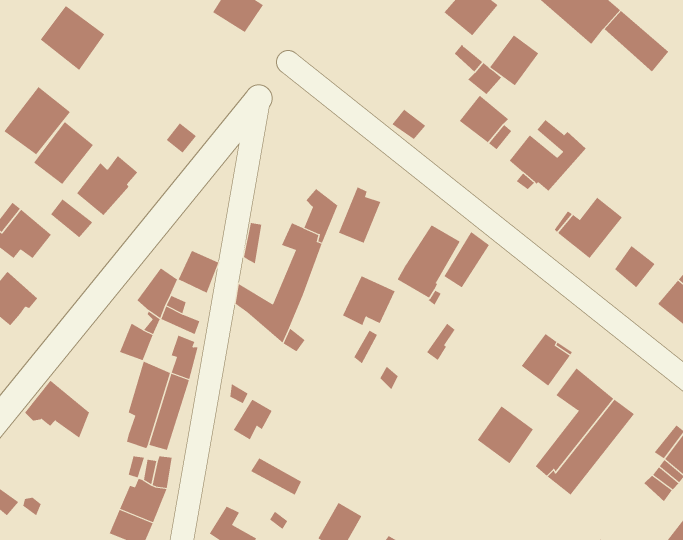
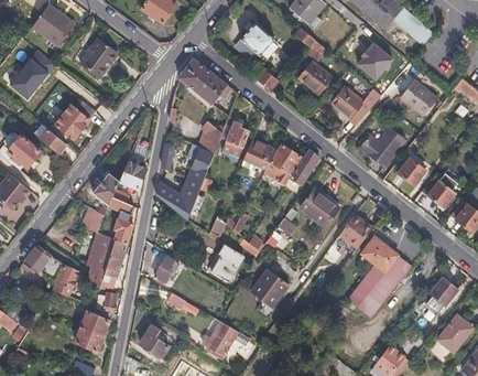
building: none -> [239,22,273,56]
building: [489,34,539,86] -> [355,40,387,73]
building: none -> [178,58,227,105]
building: [33,121,94,185] -> [77,37,116,78]
building: none -> [399,79,436,116]
building: [342,276,396,326] -> [240,139,274,171]
building: none -> [300,189,339,226]
building: none -> [210,246,241,280]
building: [477,405,534,464] -> [251,269,287,307]
building: none -> [52,265,83,297]

